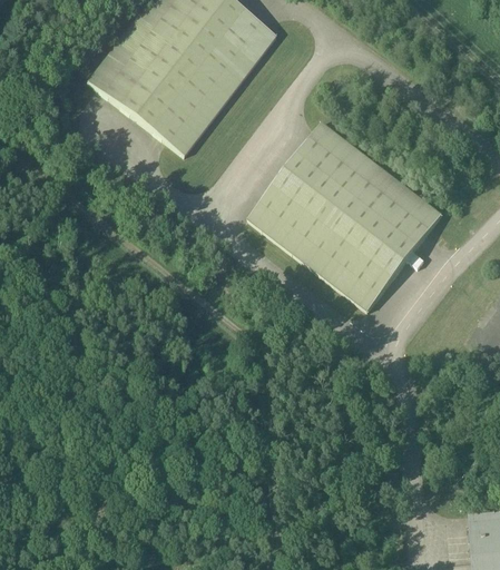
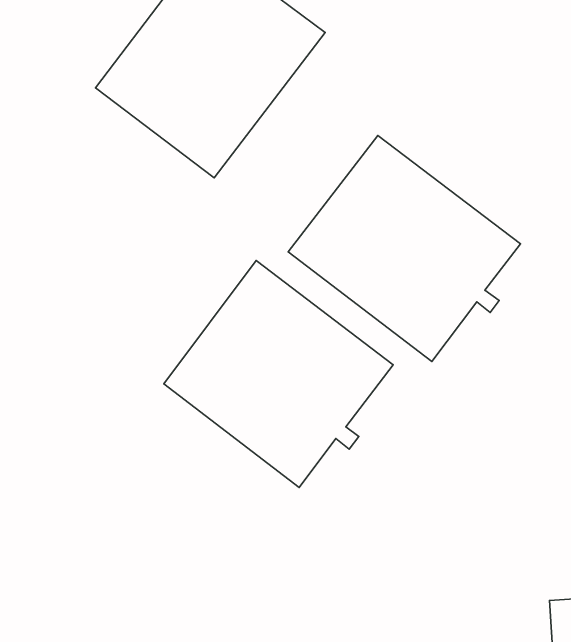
building: none -> [164,260,393,487]

